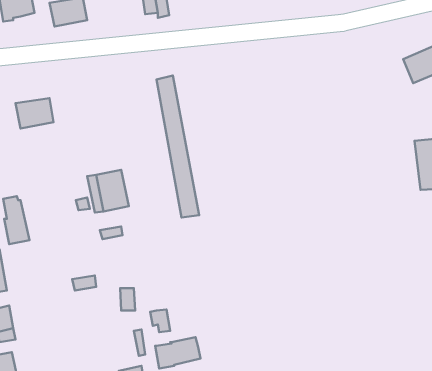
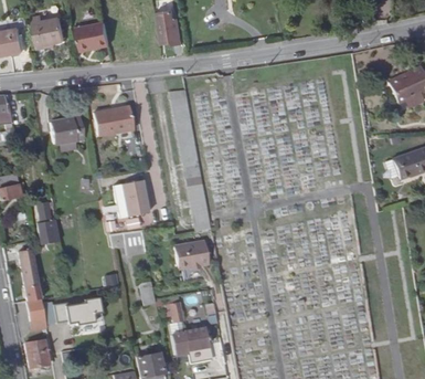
building: none -> [88,105,130,137]
building: none -> [173,241,209,271]
building: none -> [55,296,104,325]

